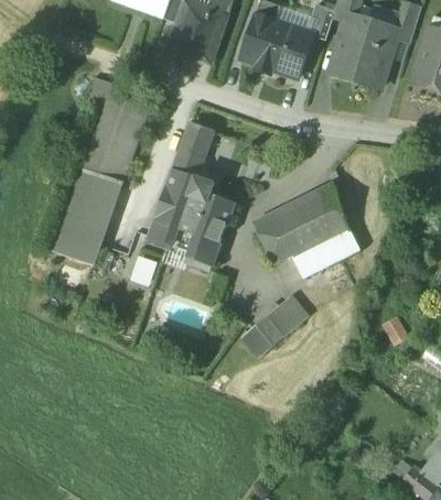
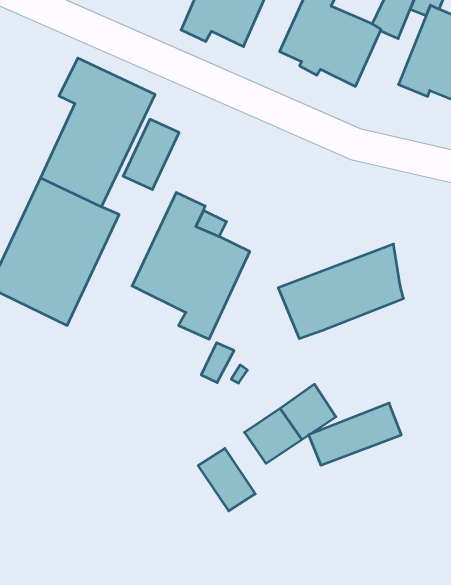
building: [175,123,213,174] -> [123,119,179,190]
building: [291,227,358,276] -> [308,403,401,465]
building: none -> [198,448,255,511]

